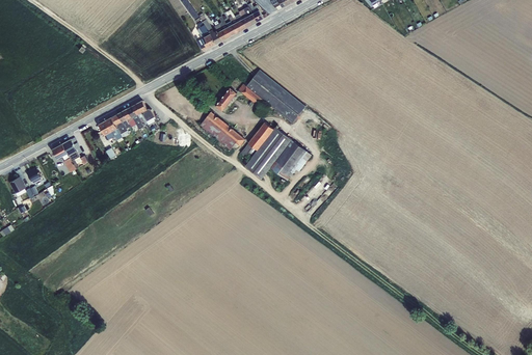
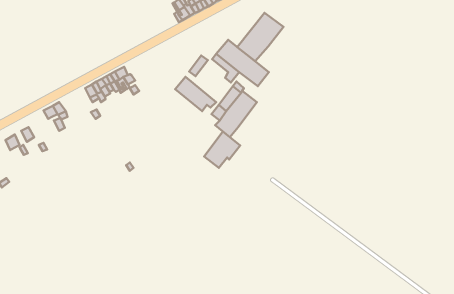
building: none -> [237,13,284,61]
building: [271,140,312,181] -> [204,132,240,168]

